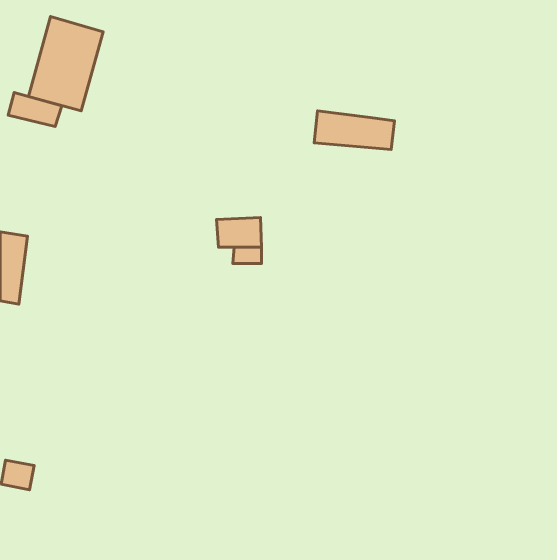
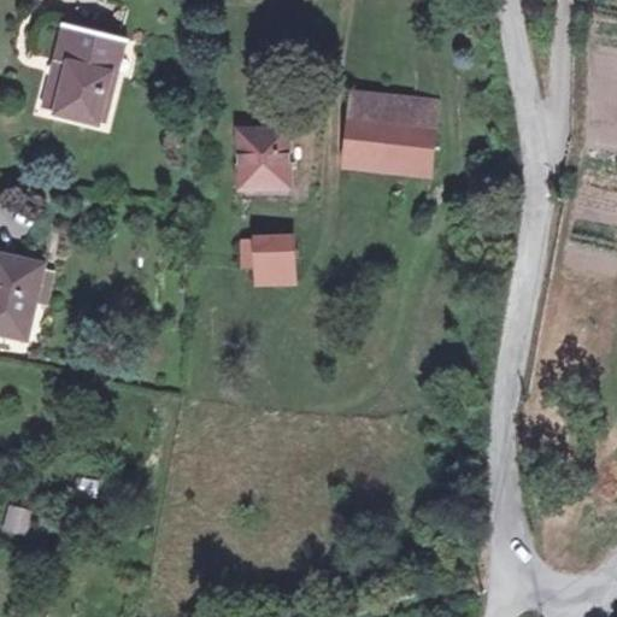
building: none -> [353,94,415,130]
building: [8,93,62,126] -> none
building: none -> [241,131,288,189]

